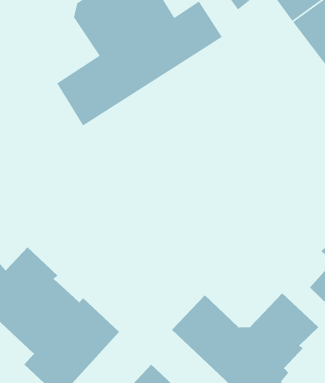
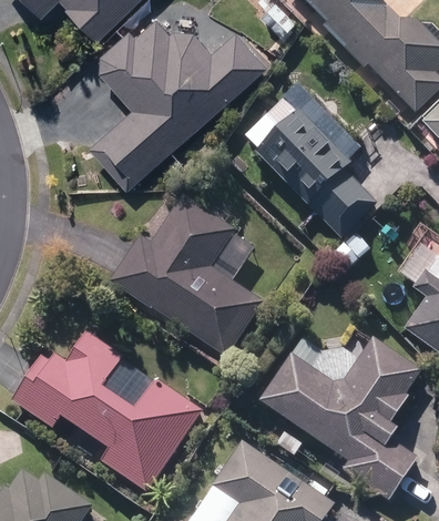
building: none -> [245,111,377,236]
building: none -> [110,194,263,356]

